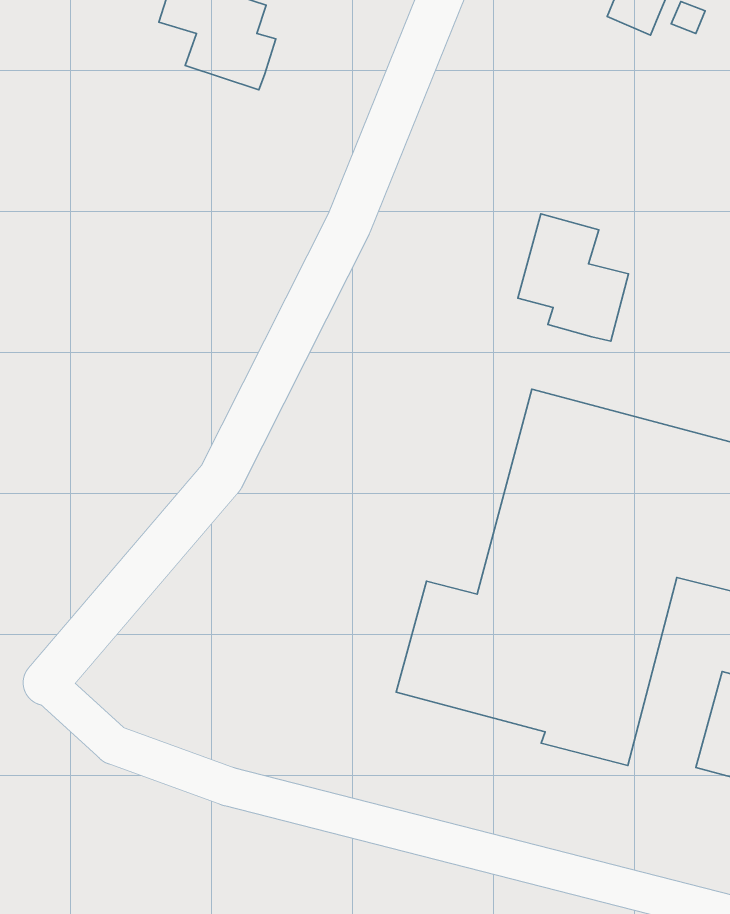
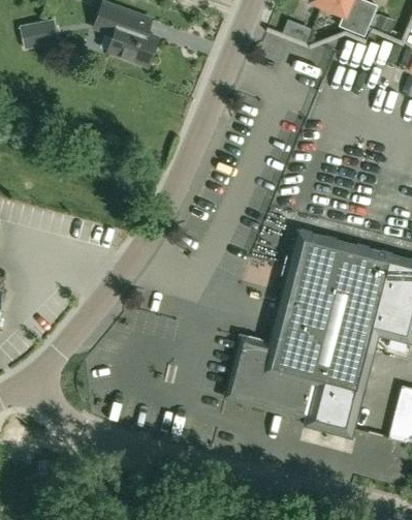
building: none -> [20,21,47,49]
building: [518,214,629,341] -> none

